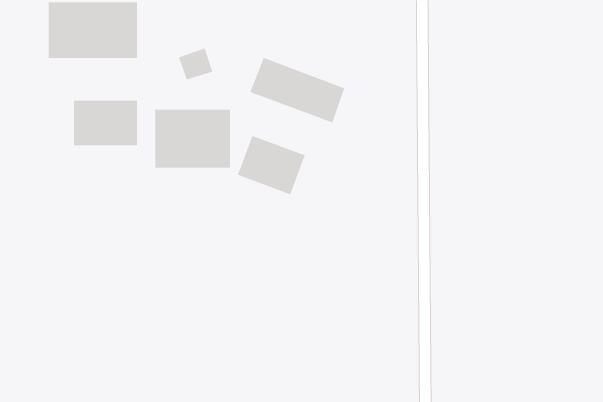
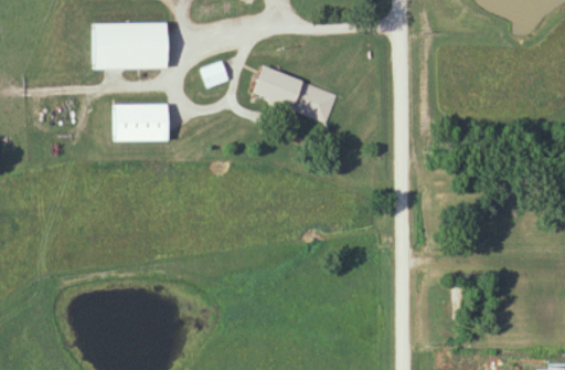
building: [155,109,230,169] -> none
building: [237,135,305,195] -> none

